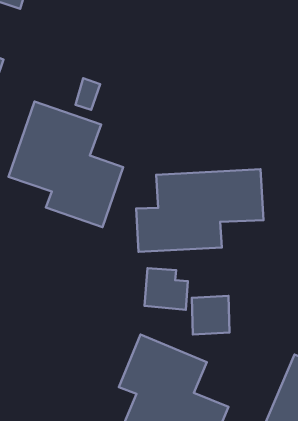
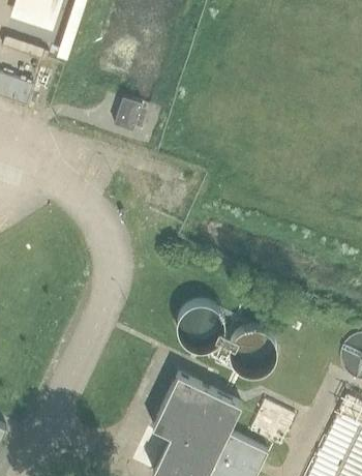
building: [8,102,123,227] -> none
building: [136,169,264,252] -> none

